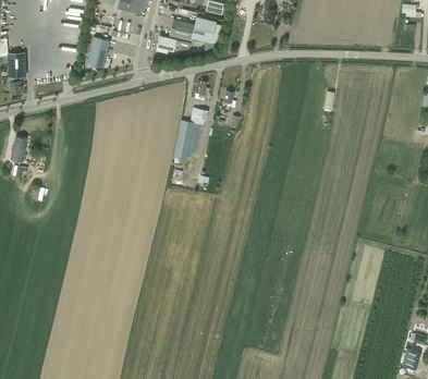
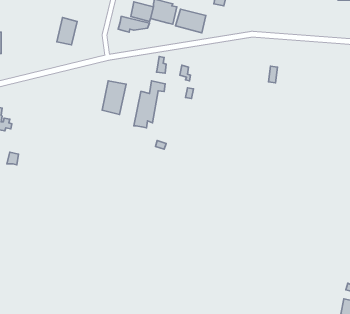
building: none -> [176,9,206,33]
building: none -> [102,81,126,115]

